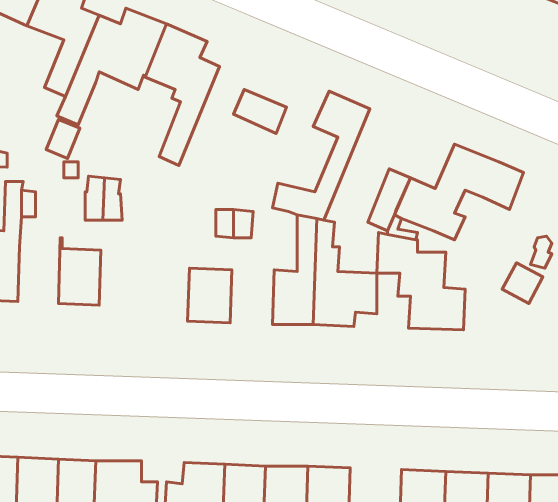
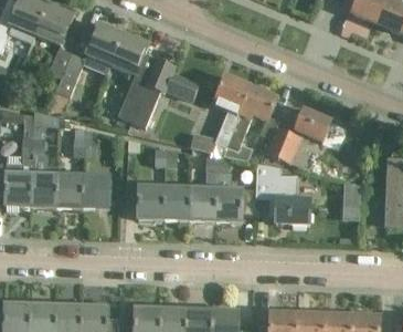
building: none -> [131,59,174,126]
building: none -> [222,85,277,158]
building: none -> [31,166,57,207]
building: none -> [82,174,109,208]
building: none -> [163,186,191,220]

